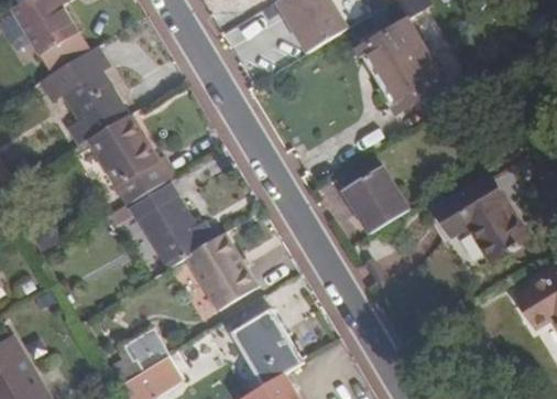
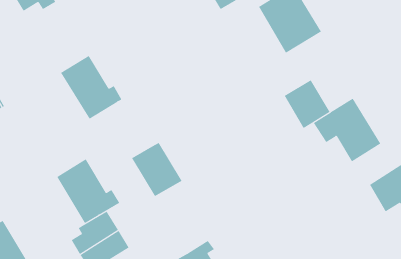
building: [39,45,128,144] -> none
building: [343,166,407,234] -> [284,80,330,129]
building: [127,179,214,268] -> [56,159,120,224]
building: [231,309,302,386] -> none

